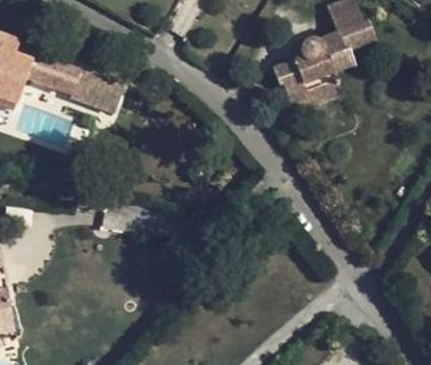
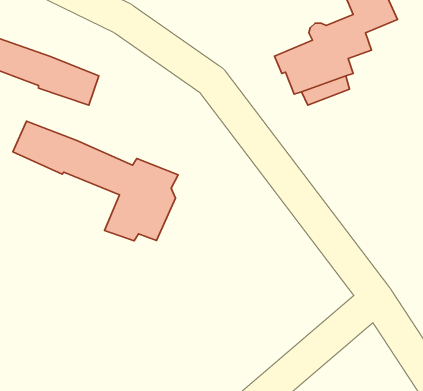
building: none -> [13,121,178,241]

